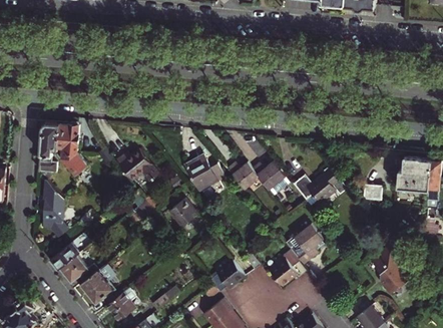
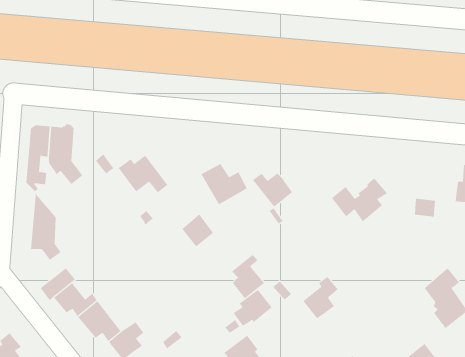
building: [253,161,292,197] -> none
building: [285,224,324,266] -> none
building: none -> [231,254,265,299]

